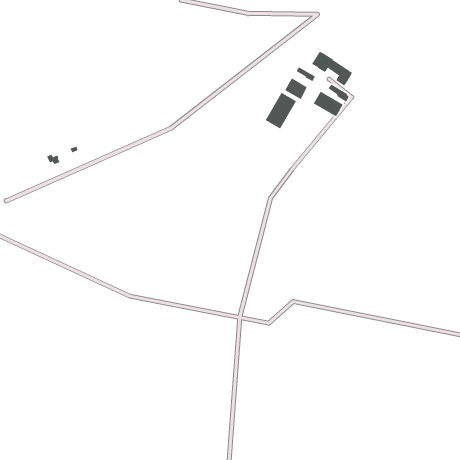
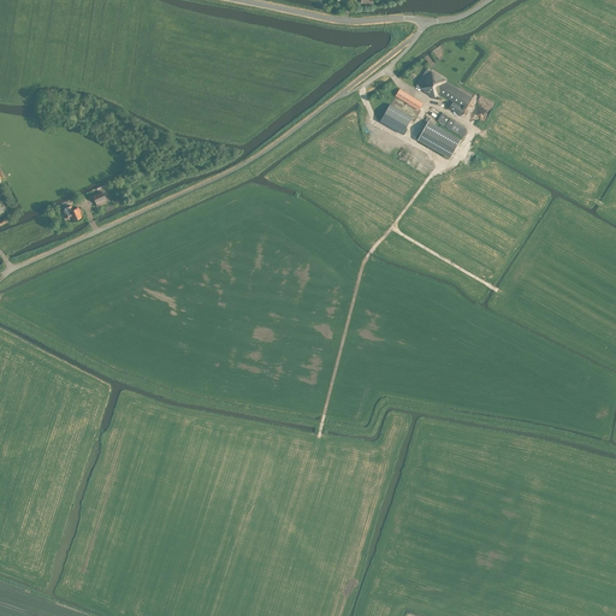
building: [265,92,297,129] -> none

